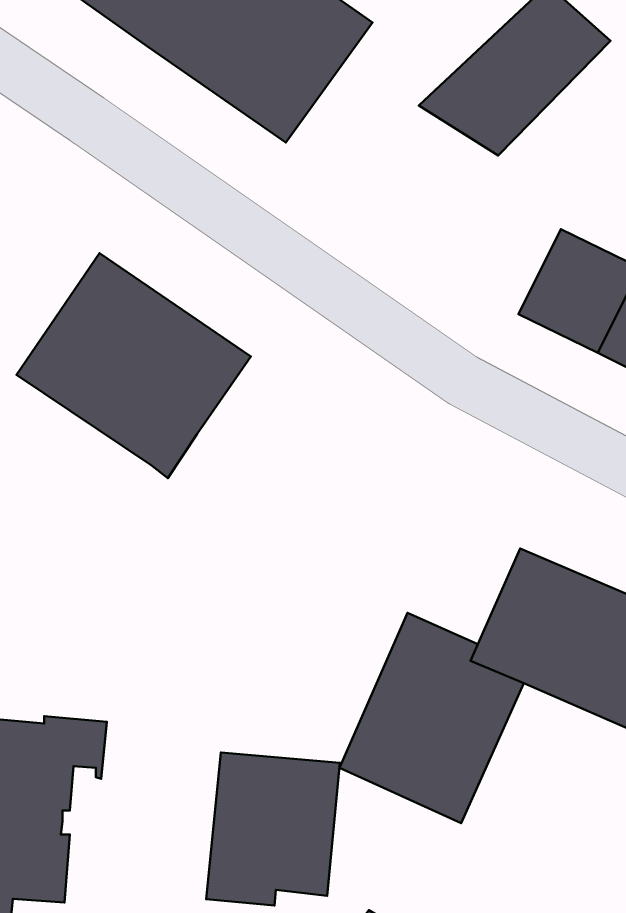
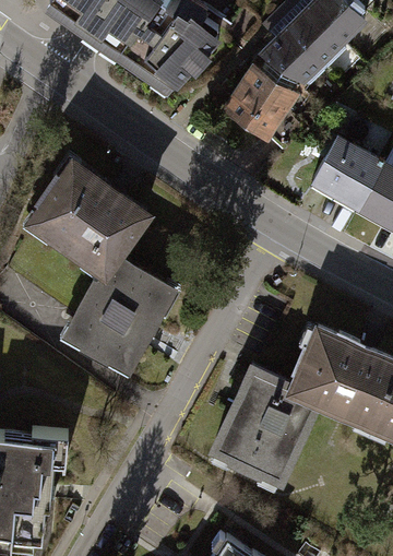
building: none -> [225,64,301,141]
building: none -> [60,259,178,378]
building: [206,752,340,905] -> none

